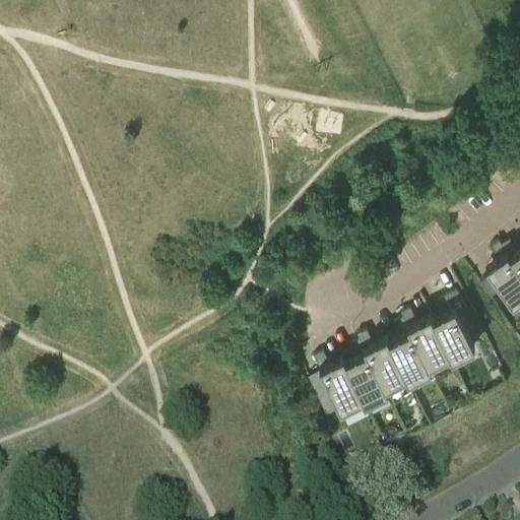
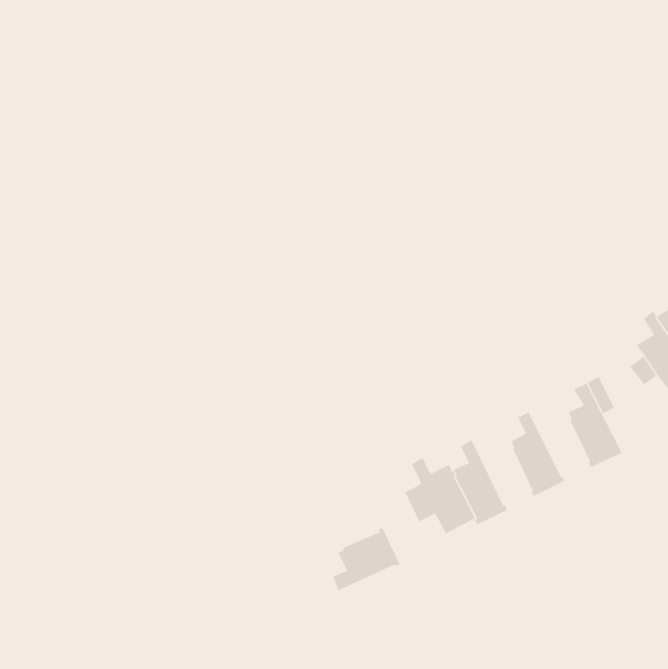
building: [410,314,459,372] -> none
building: [367,335,415,394] -> none
building: none -> [332,528,401,591]

